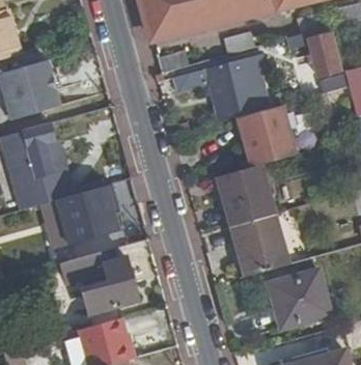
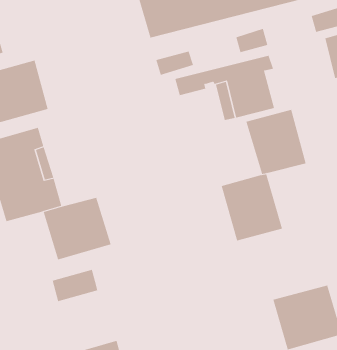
building: [232,216,288,277] -> none
building: [81,258,137,314] -> none

